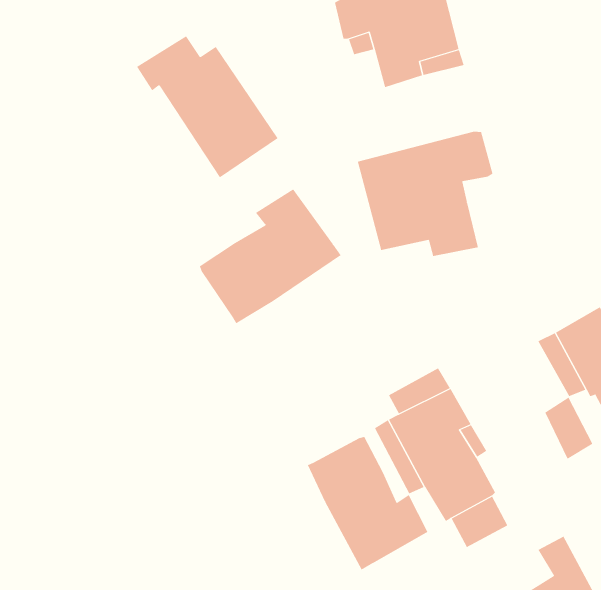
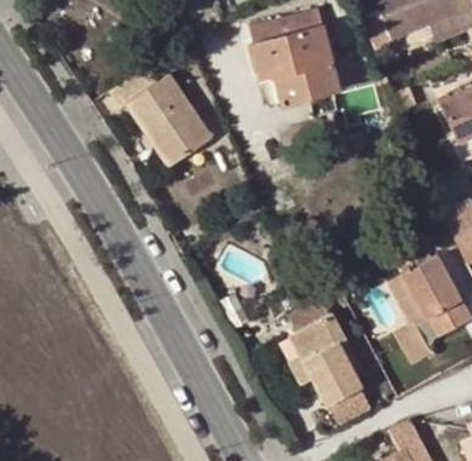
building: [357,131,493,257] -> none
building: [199,188,342,324] -> none
building: [307,436,428,570] -> none

